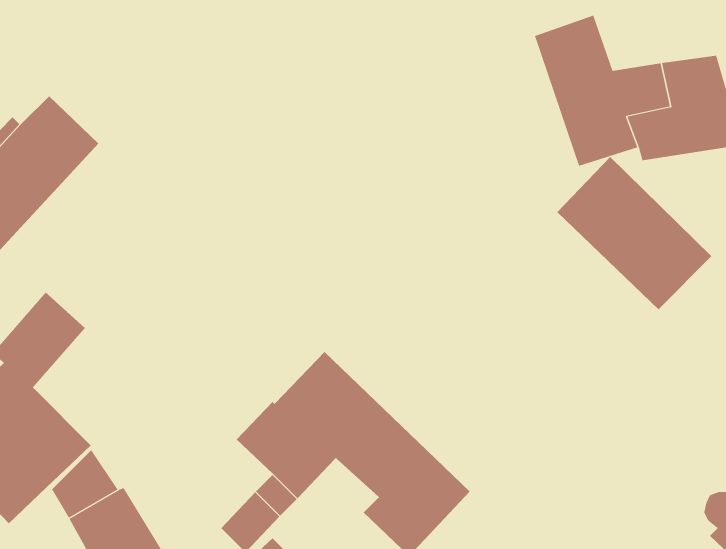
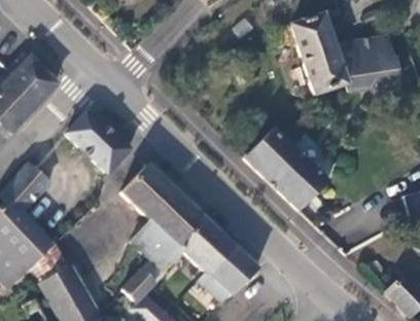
building: [556,156,712,310] -> [245,127,328,209]
building: none -> [67,110,131,172]
building: none -> [120,164,178,220]

